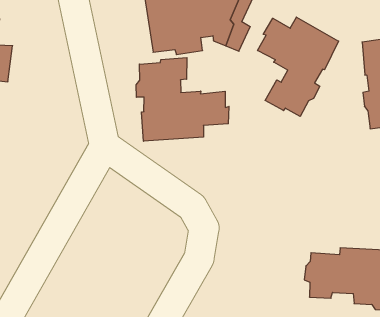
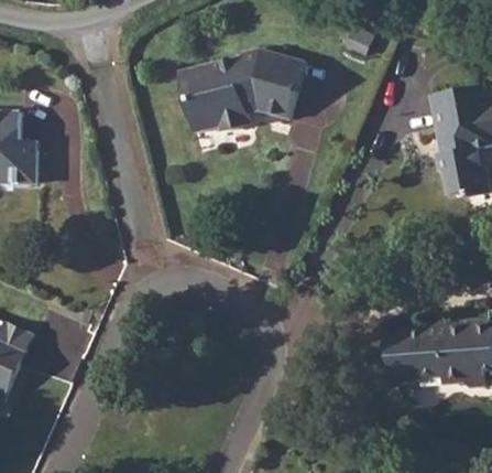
building: [258,17,339,116] -> none
building: [136,58,229,141] -> none

